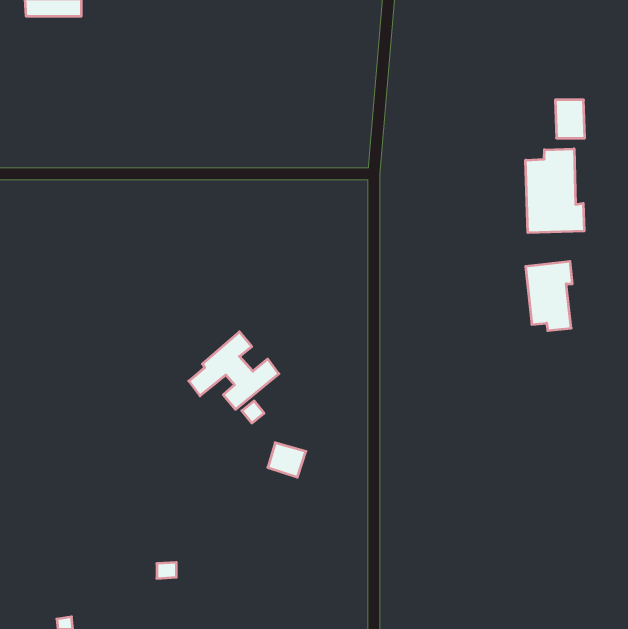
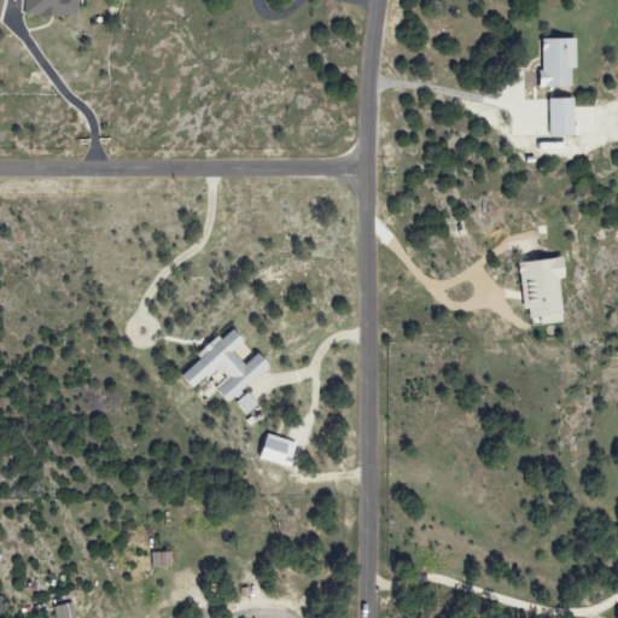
building: none -> [535,37,575,87]
building: [526,149,584,233] -> none

